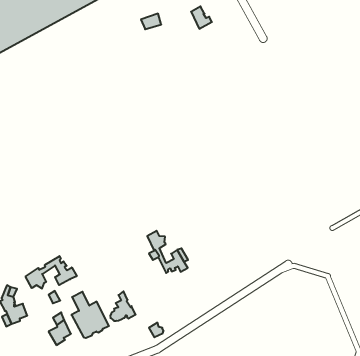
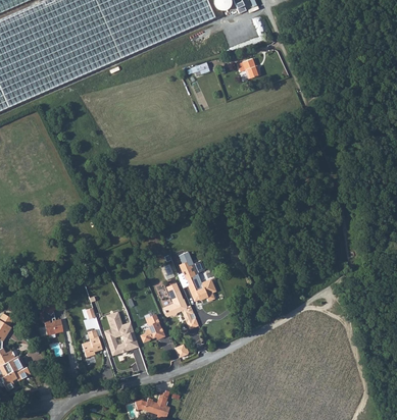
building: [26,256,77,289] -> none
building: none -> [162,291,198,328]

